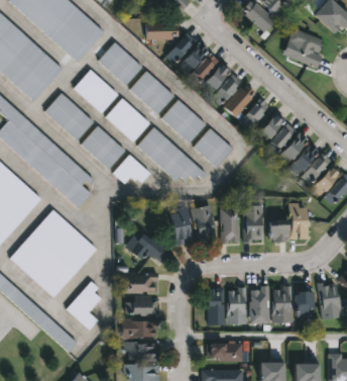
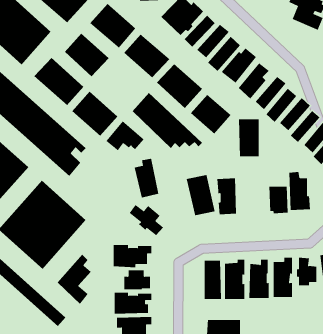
building: [106,98,149,141] -> none
building: [242,205,262,242] -> [238,119,259,157]
building: [169,206,194,245] -> [134,158,159,198]

